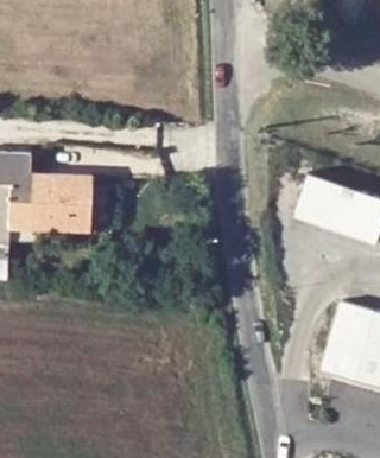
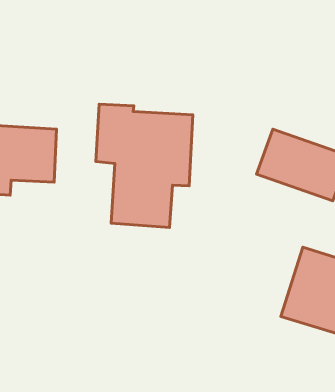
building: none -> [96,104,193,227]

